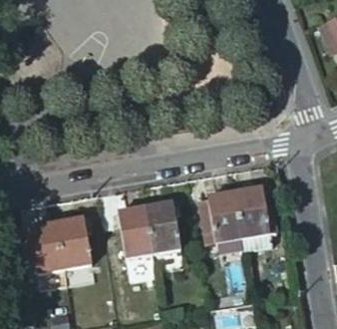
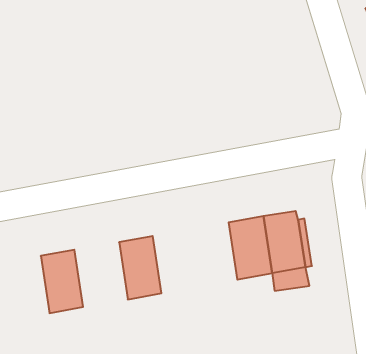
building: [145,202,180,253] -> none
building: [29,223,62,274] -> none

